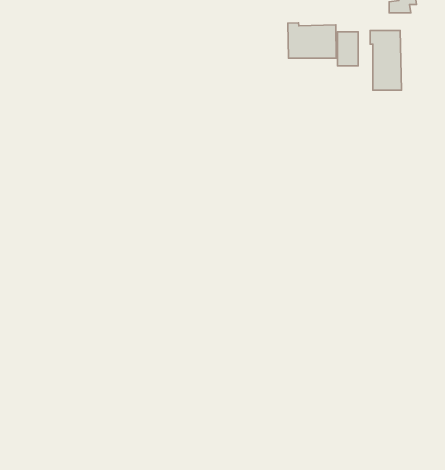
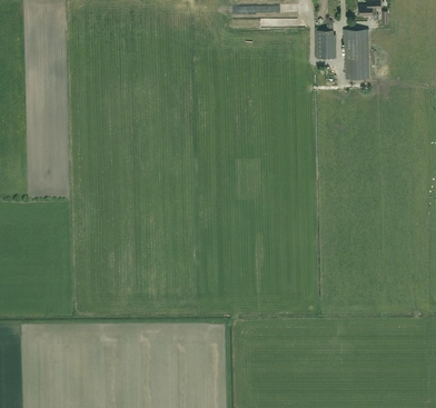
building: [288,23,336,58] -> none

